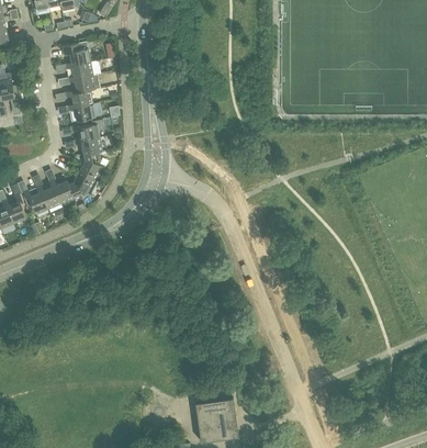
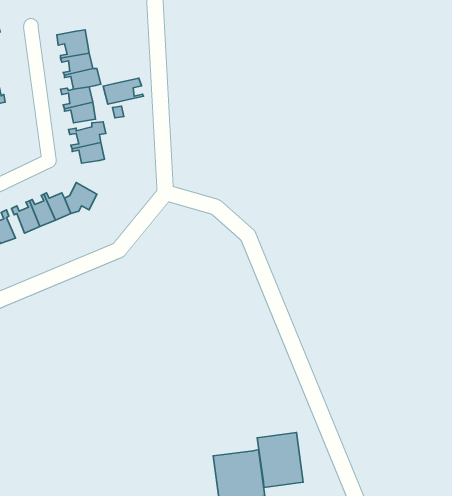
building: none -> [103,78,143,104]
building: [78,152,103,180] -> none
building: none -> [257,432,303,488]

